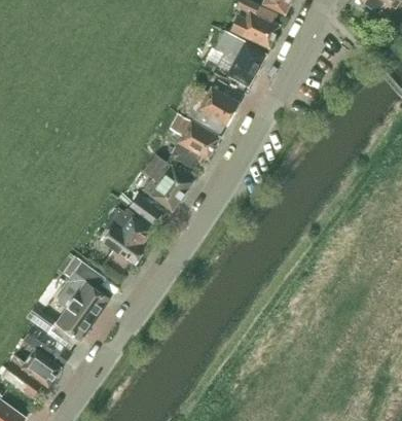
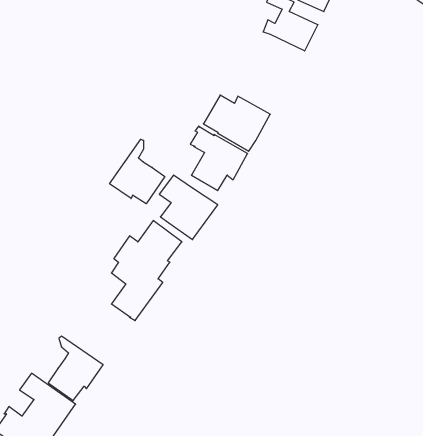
building: [214,32,265,86] -> none
building: none -> [110,139,165,204]
building: [53,259,108,319] -> none

